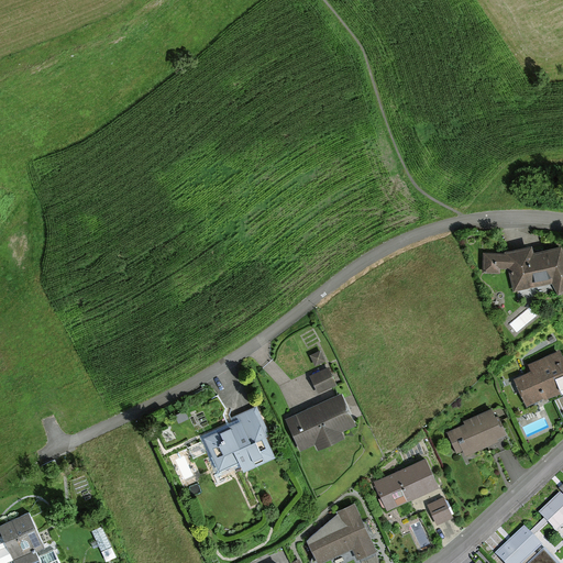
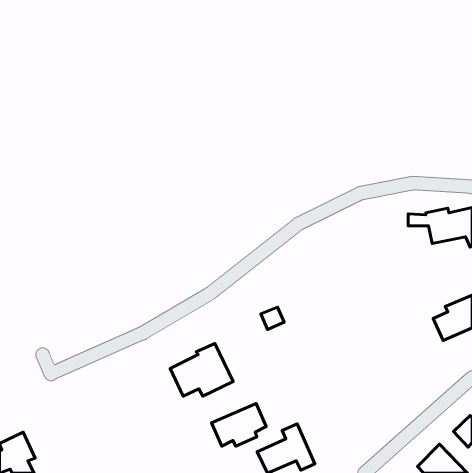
building: [288,396,353,446] -> [212,404,266,446]
building: [446,410,505,456] -> none
building: [375,460,437,508] -> none
building: [427,495,454,523] -> none

